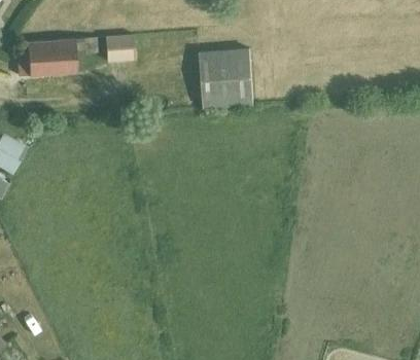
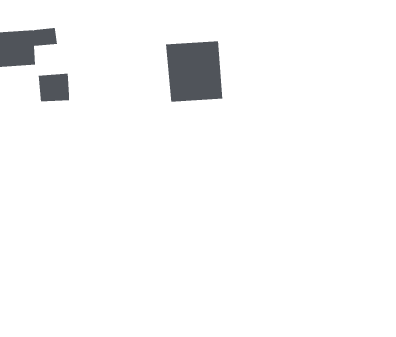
building: [104,35,134,62] -> [38,73,70,102]

